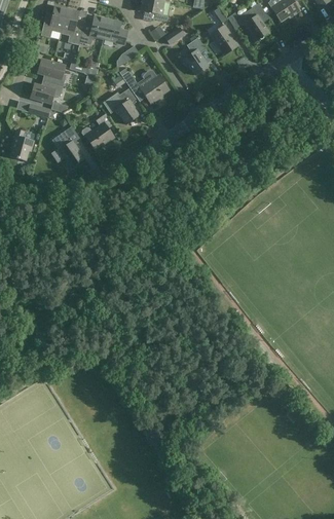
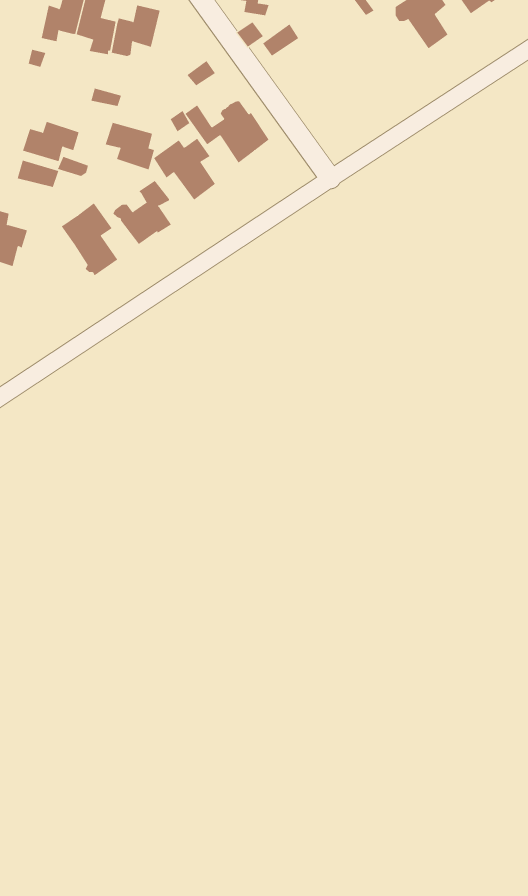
building: [102,18,126,45] -> none
building: [210,26,237,54] -> none
building: [182,38,208,75] -> none
building: [37,60,65,86] -> [105,122,155,170]

